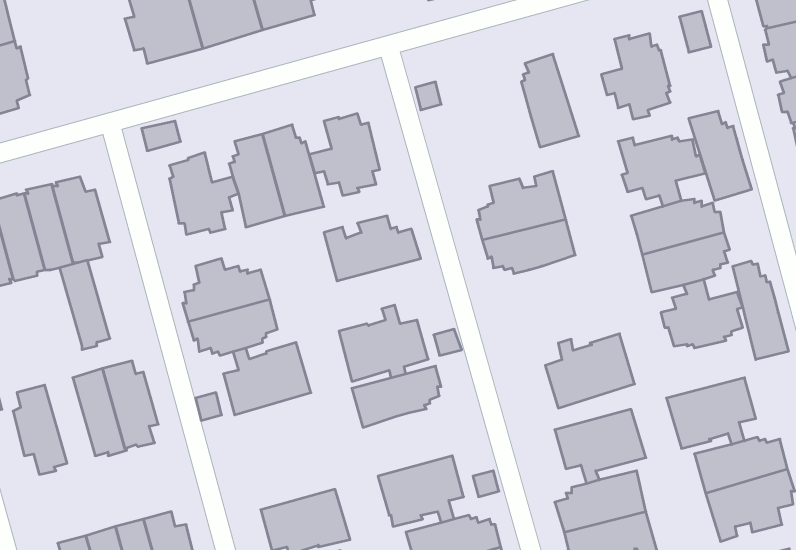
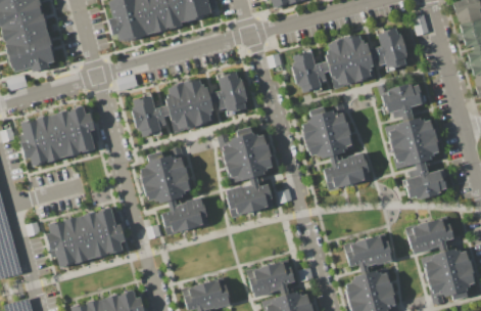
building: none -> [291,48,331,93]
building: [689,111,752,200] -> [343,34,378,83]
building: [60,260,110,350] -> [64,216,92,265]
building: [733,261,788,360] -> none
building: [545,334,635,408] -> [323,151,372,192]
building: [352,366,441,427] -> [225,150,274,184]

